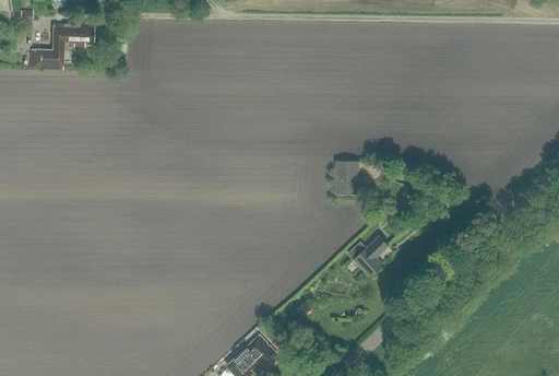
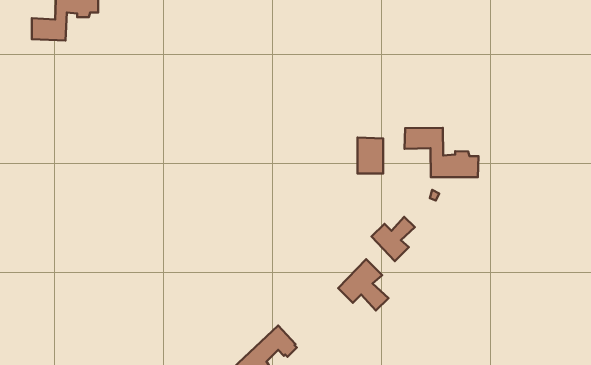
building: none -> [404,128,479,177]
building: none -> [338,259,388,311]

